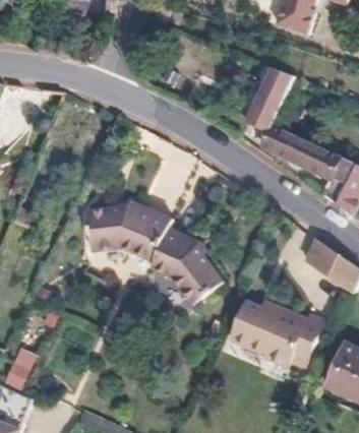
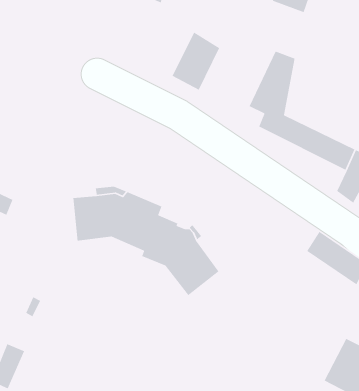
building: none -> [171,32,220,91]
building: [230,297,322,366] -> none

